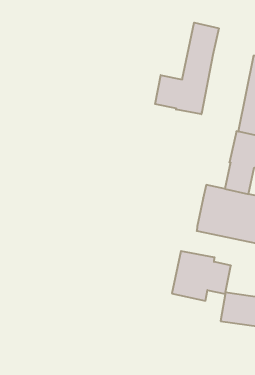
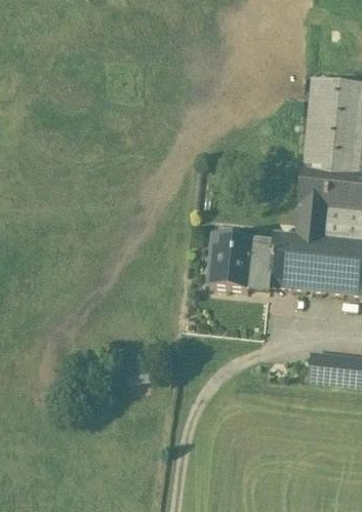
building: [155,23,219,114] -> none
building: [172,251,231,301] -> [209,238,273,291]

